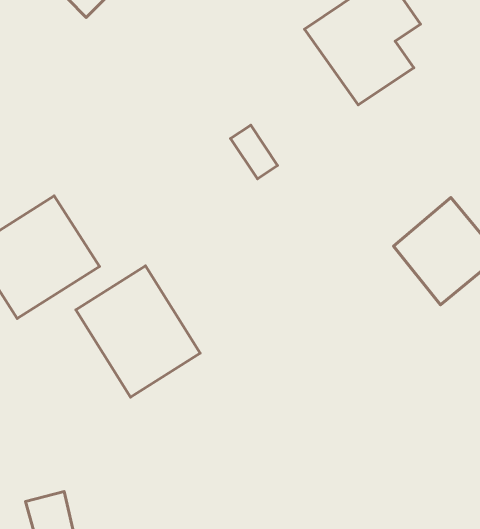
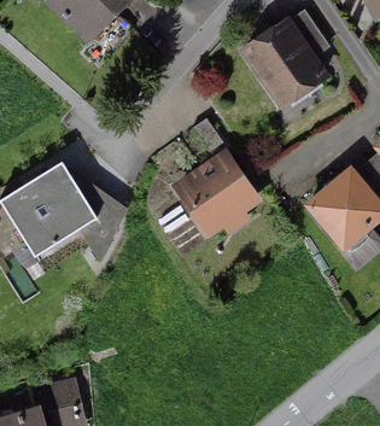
building: none -> [177,157,252,230]
building: [76,266,200,397] -> none

